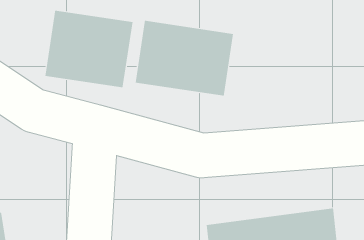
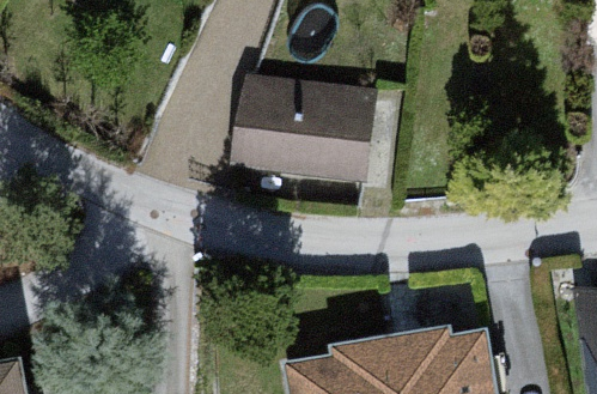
building: [45,10,133,88] -> none

